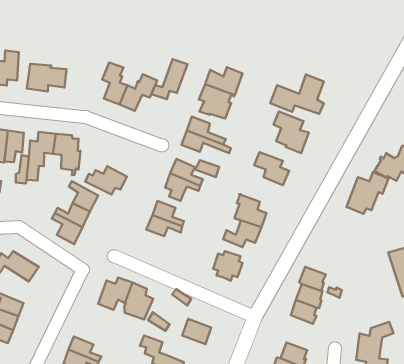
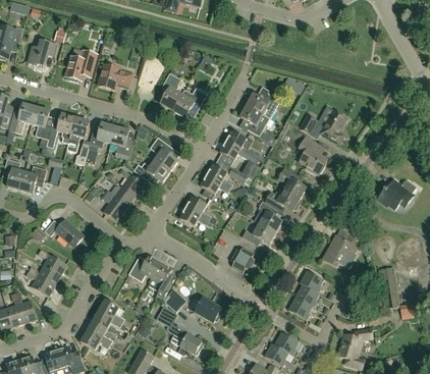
building: [152,59,188,99] -> none
building: none -> [149,137,177,171]
building: [347,172,389,214] -> [322,232,361,266]
building: none -> [261,186,299,213]

